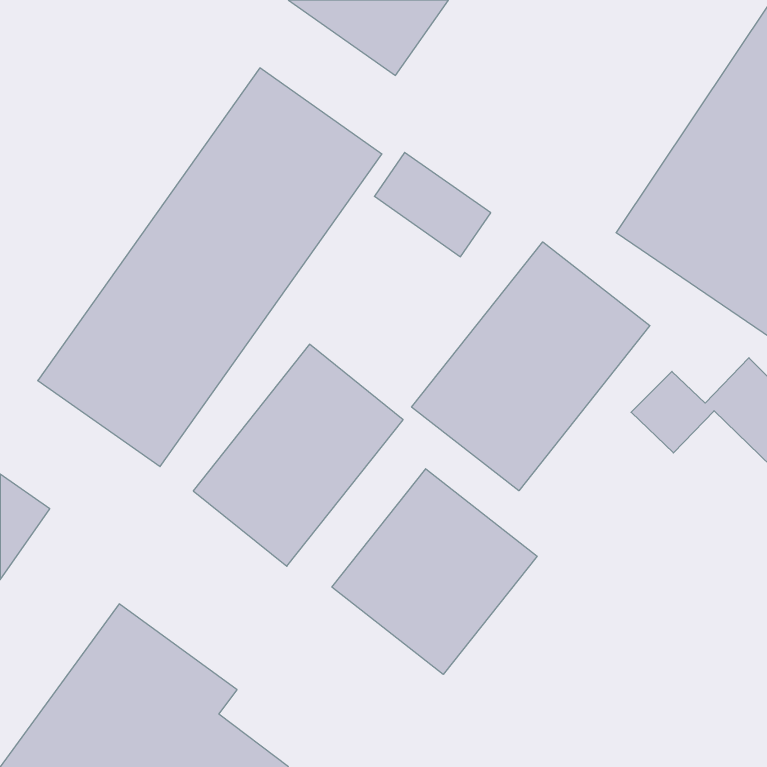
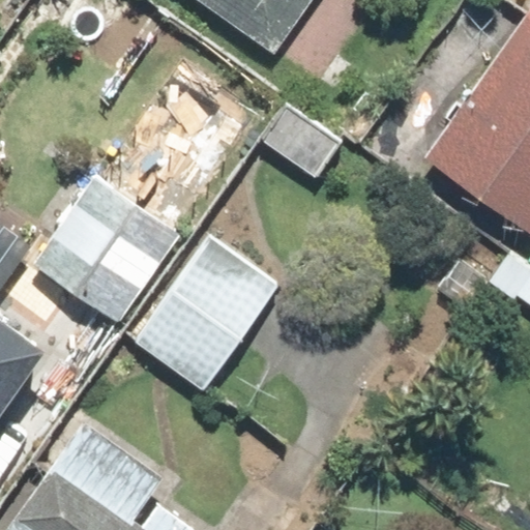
building: [412,242,650,491] -> none
building: [332,469,537,674] -> none

